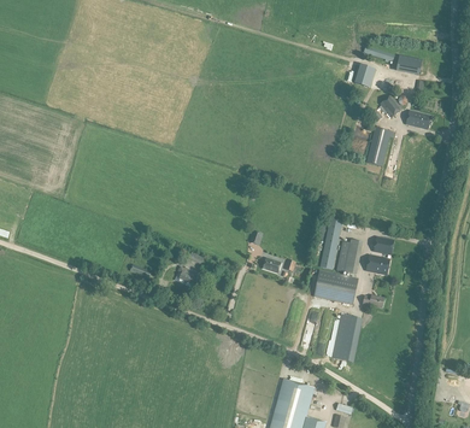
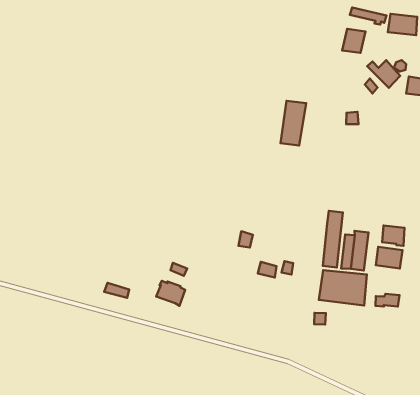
building: [365,125,390,165] -> [281,101,306,146]
building: [331,313,360,360] -> none

